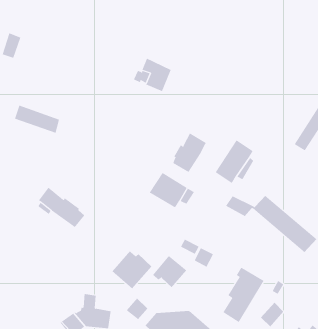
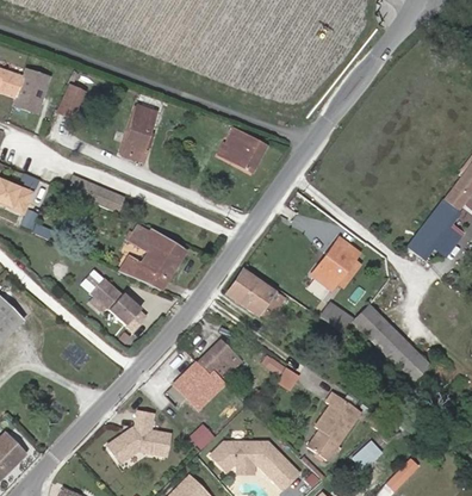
building: none -> [122,105,157,161]
building: [172,132,206,173] -> none
building: none -> [119,224,186,290]
building: [152,255,187,288] -> [199,340,242,380]

